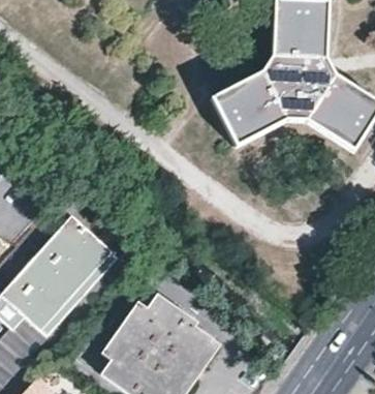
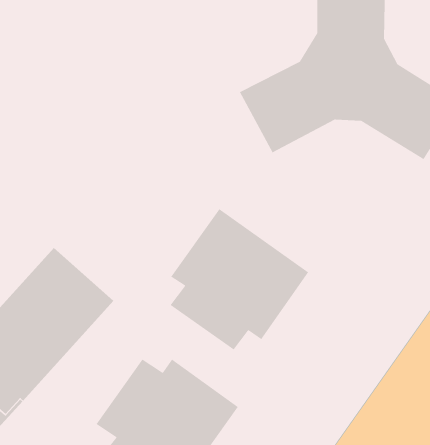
building: none -> [170,208,309,350]

